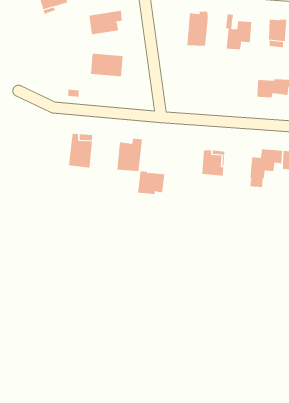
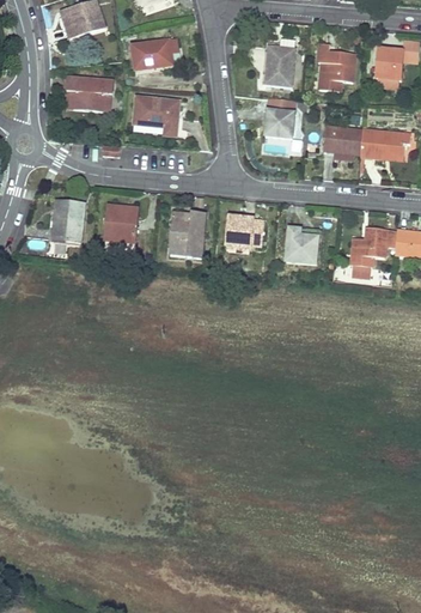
building: none -> [66,77,112,110]
building: none -> [264,97,293,138]
building: none -> [322,126,361,153]
building: none -> [51,200,84,242]
building: [137,171,165,194] -> [225,216,263,248]

